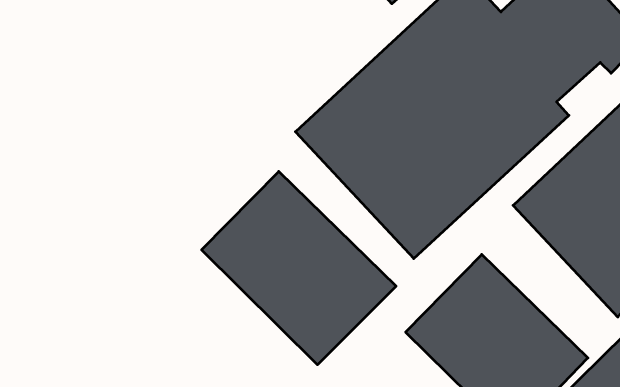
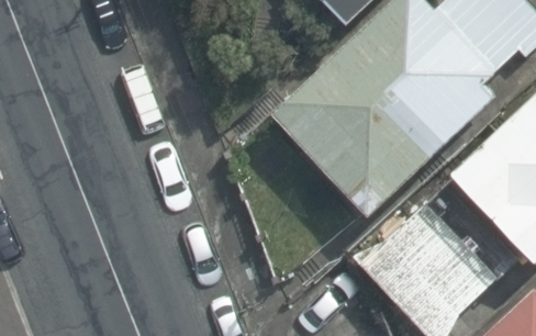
building: [202,171,396,365] -> none

